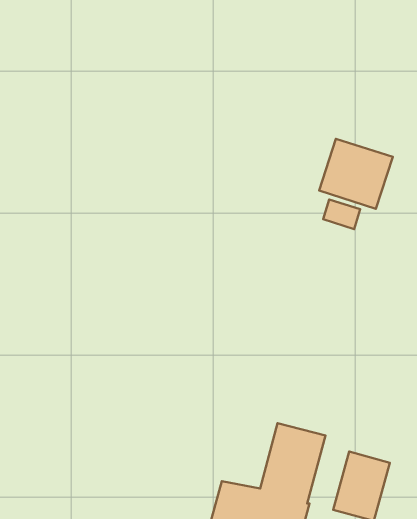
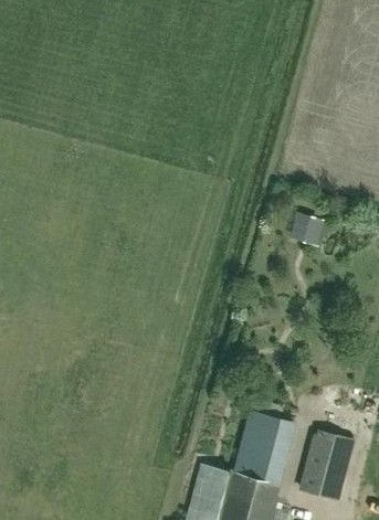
building: [319,139,393,209] -> none

